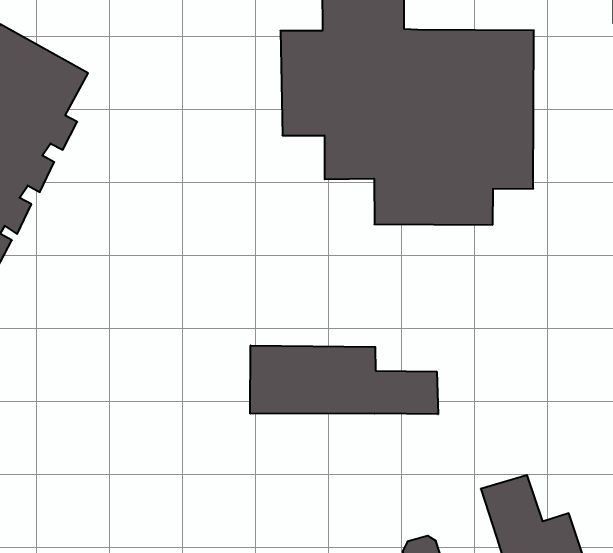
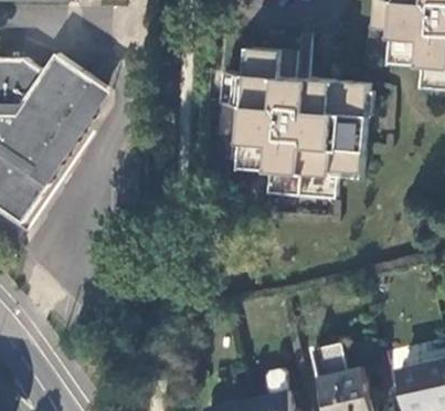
building: [250,345,438,414] -> none

